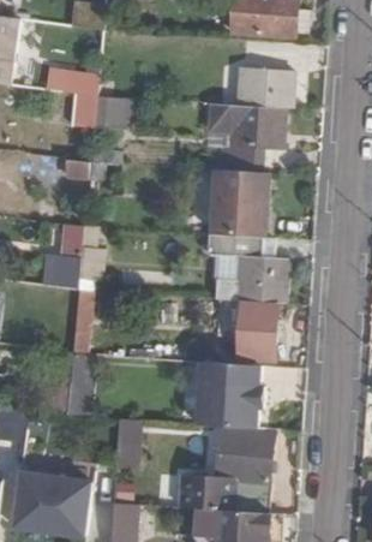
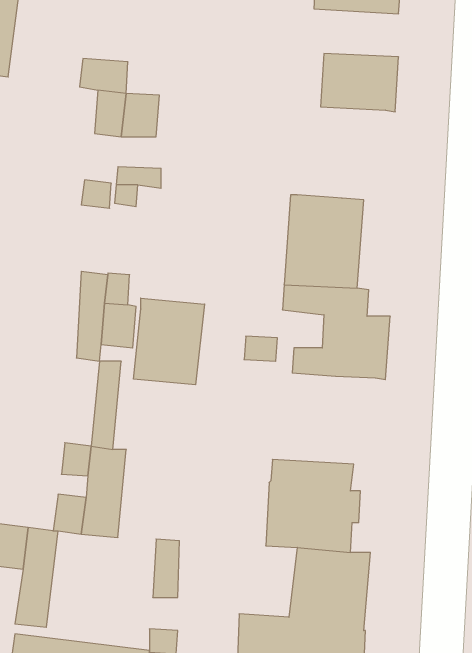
building: [208,103,283,172] -> none
building: none -> [134,298,205,385]
building: [240,300,276,359] -> none

